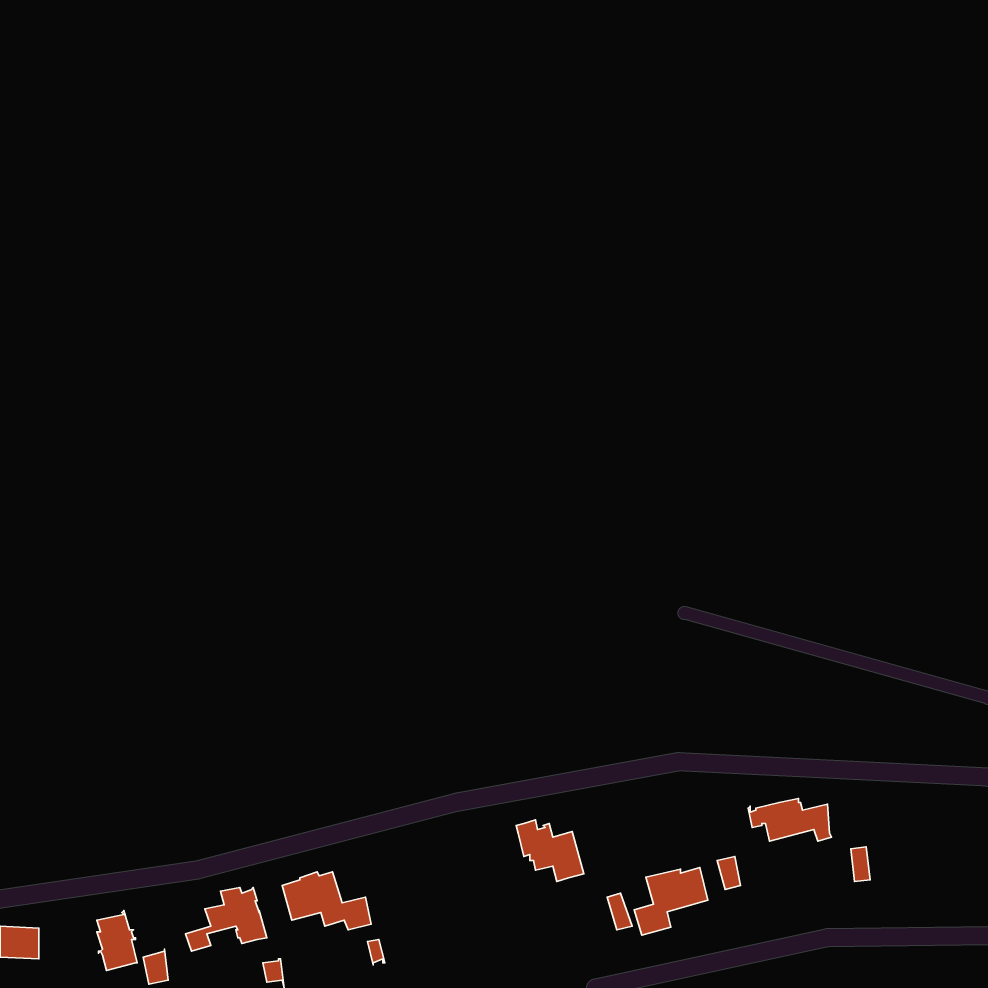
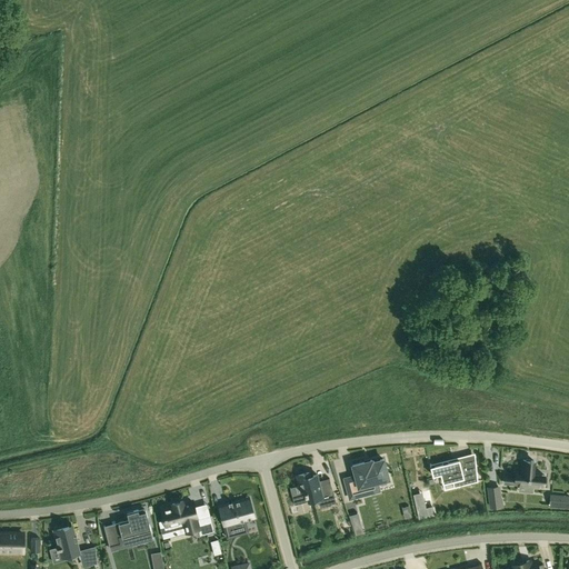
building: none -> [505,460,545,486]
building: none -> [219,497,254,538]
building: [634,867,708,935] -> [346,459,388,498]

